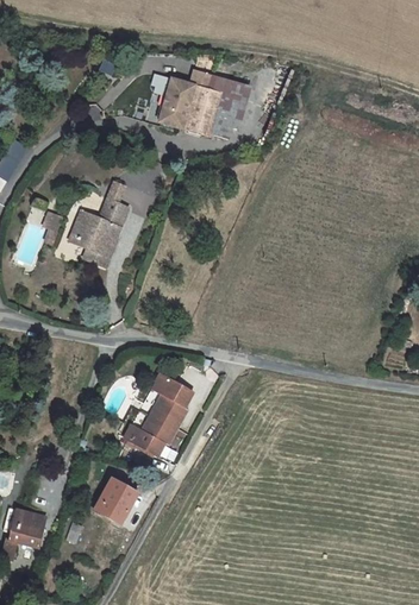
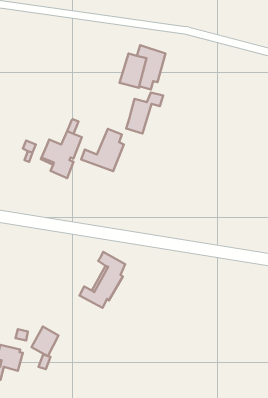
building: [158,69,212,128] -> [126,92,163,133]
building: none -> [81,129,124,171]
building: [95,479,135,522] -> [31,327,59,356]

